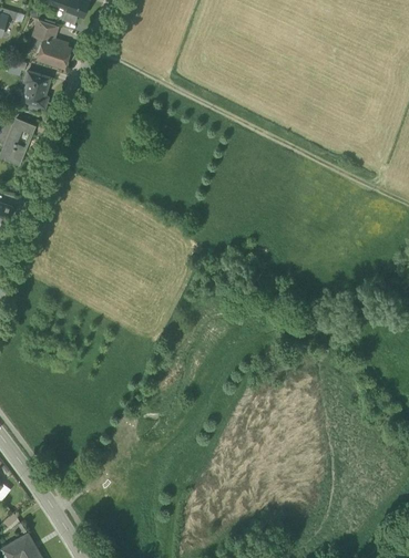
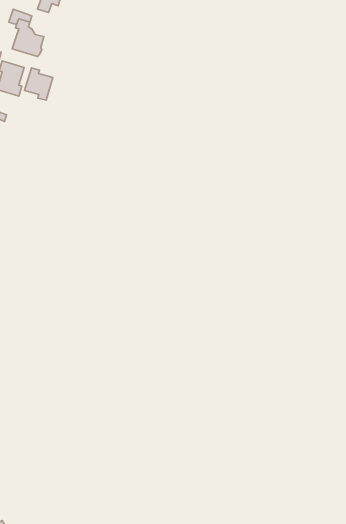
building: none -> [25,68,53,100]

